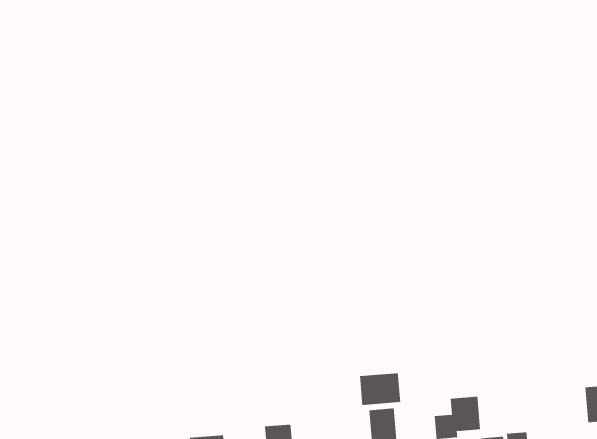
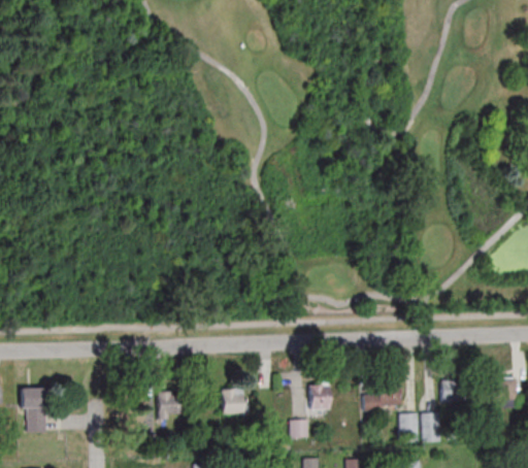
building: [359,372,401,406] -> none
building: none -> [441,381,465,402]

